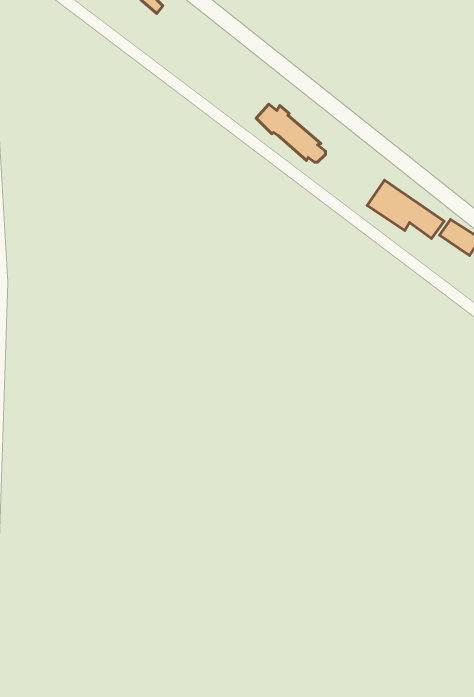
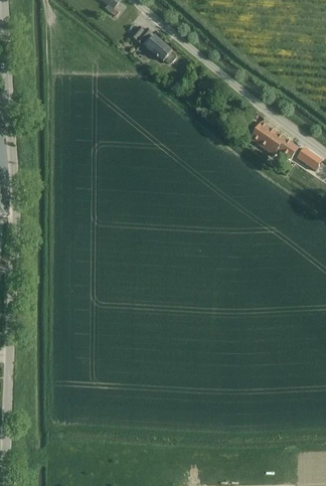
building: [256,104,325,162] -> [132,25,176,62]

